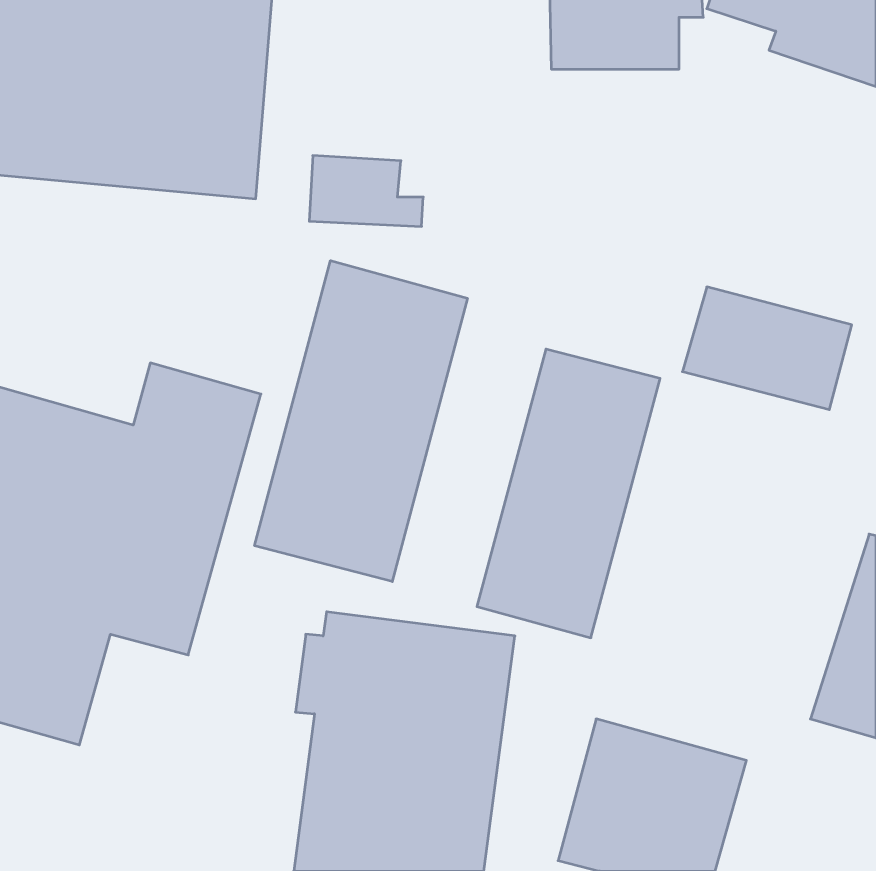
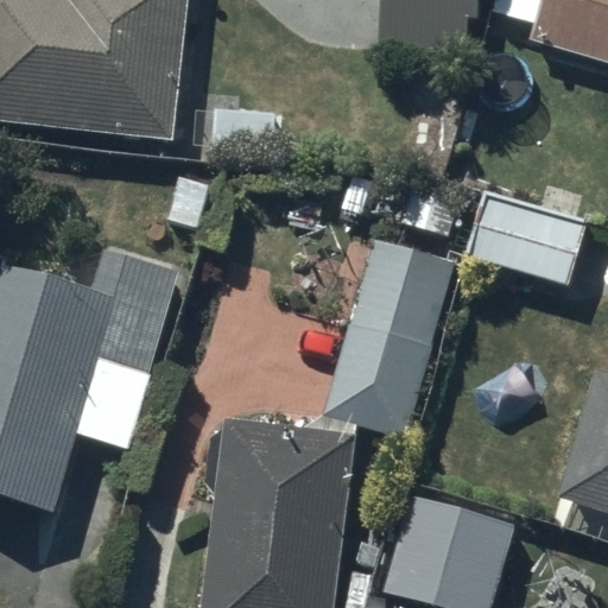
building: [255,261,467,582] -> none

